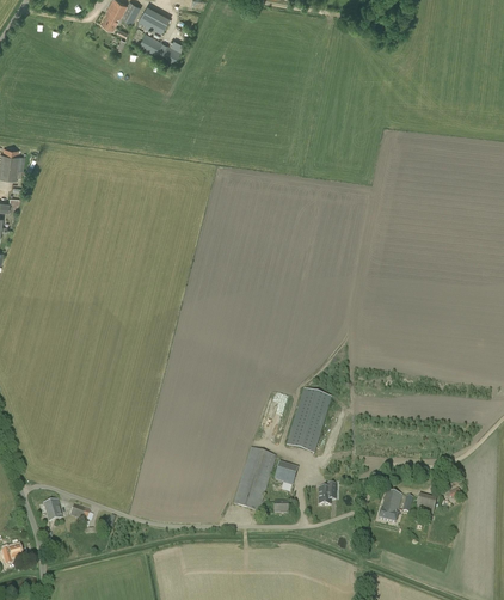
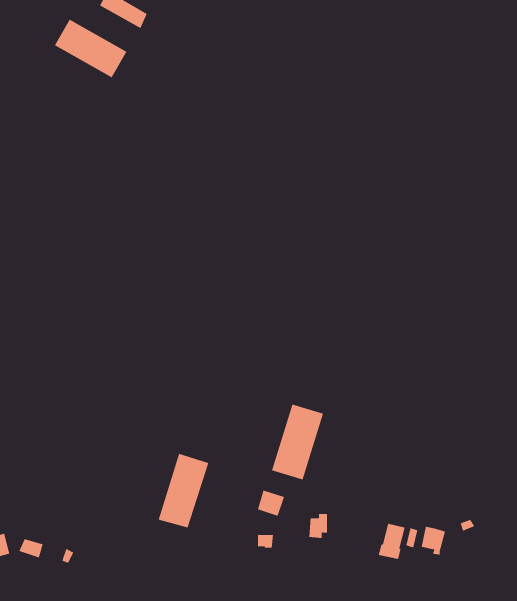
building: none -> [54,19,127,78]
building: [233,446,277,510] -> [158,453,209,528]

